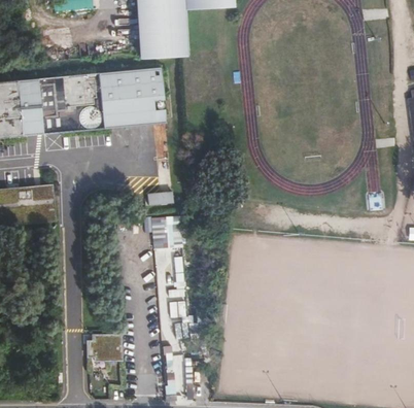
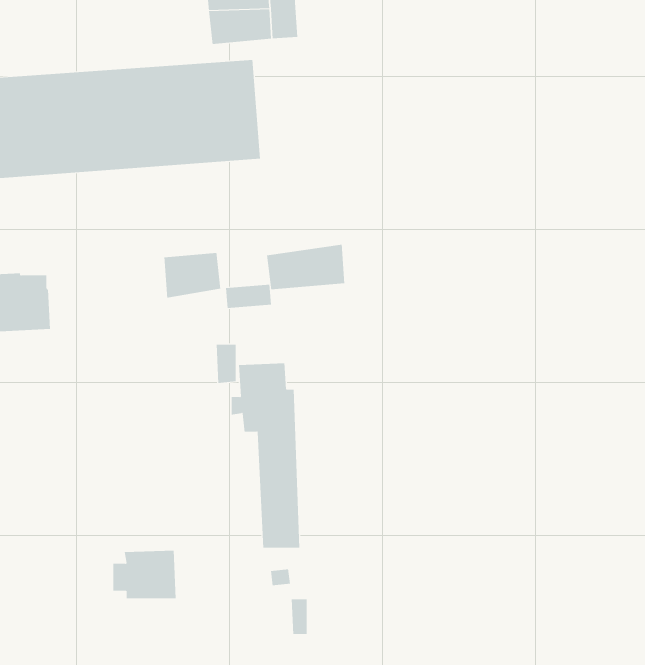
building: none -> [267,244,345,290]
building: none -> [164,252,221,299]

